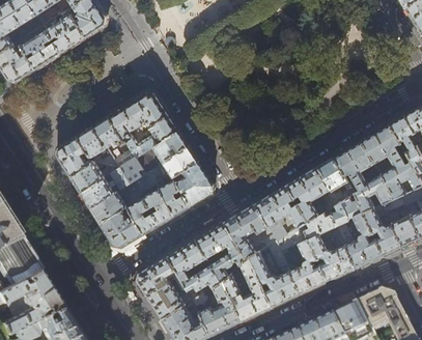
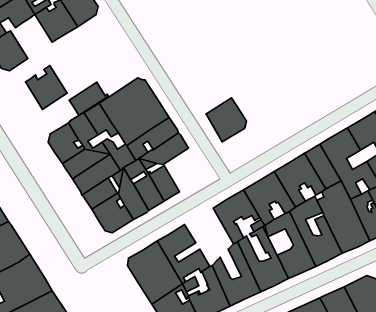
building: [18,25,60,69] -> [25,66,67,109]
building: none -> [69,82,108,116]
building: [173,161,215,205] -> [206,98,247,142]
building: [195,222,245,281] -> none

